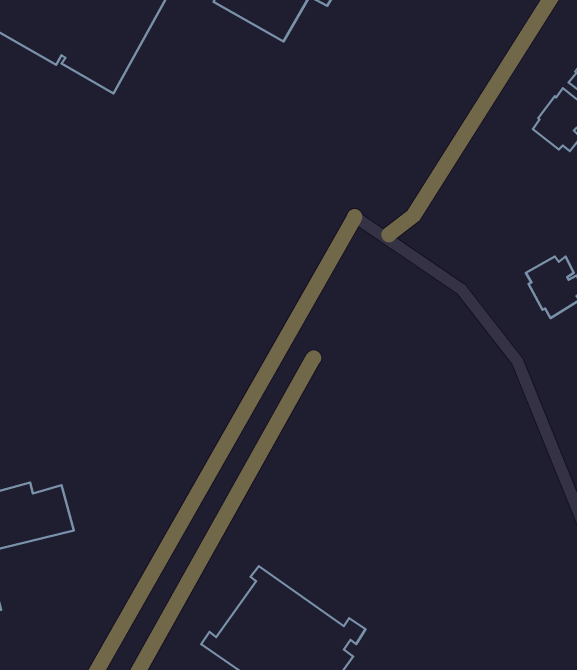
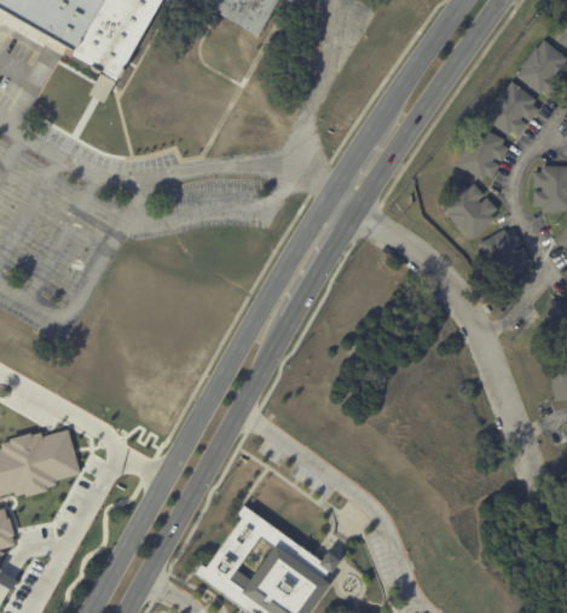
building: none -> [457,126,508,180]
building: none -> [442,184,497,239]

